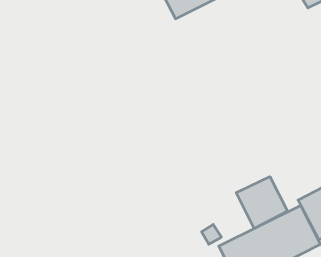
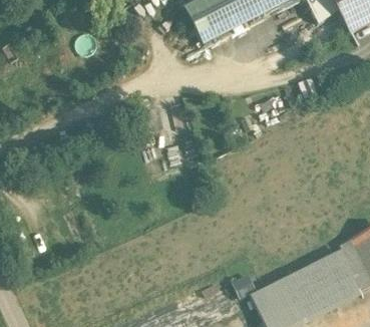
building: [236,177,287,229] -> none

